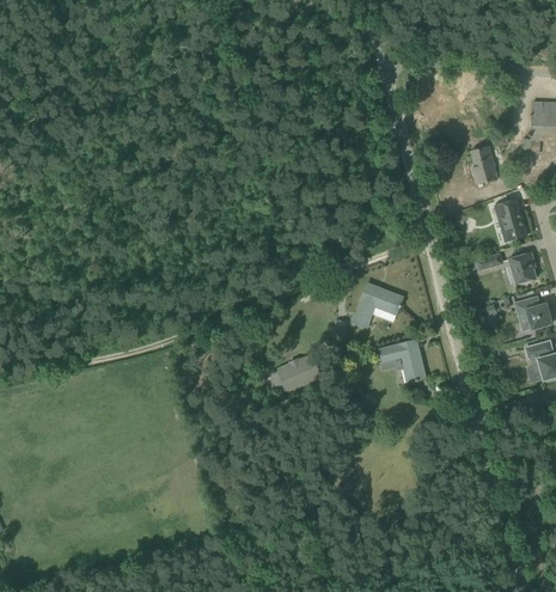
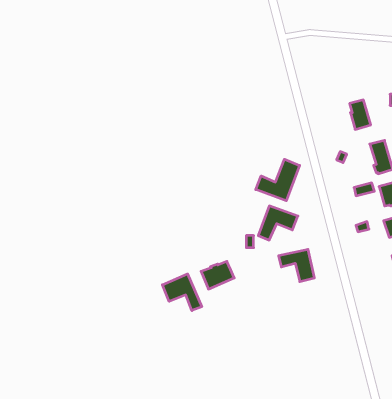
building: none -> [256,159,300,201]
building: none -> [162,274,202,311]

